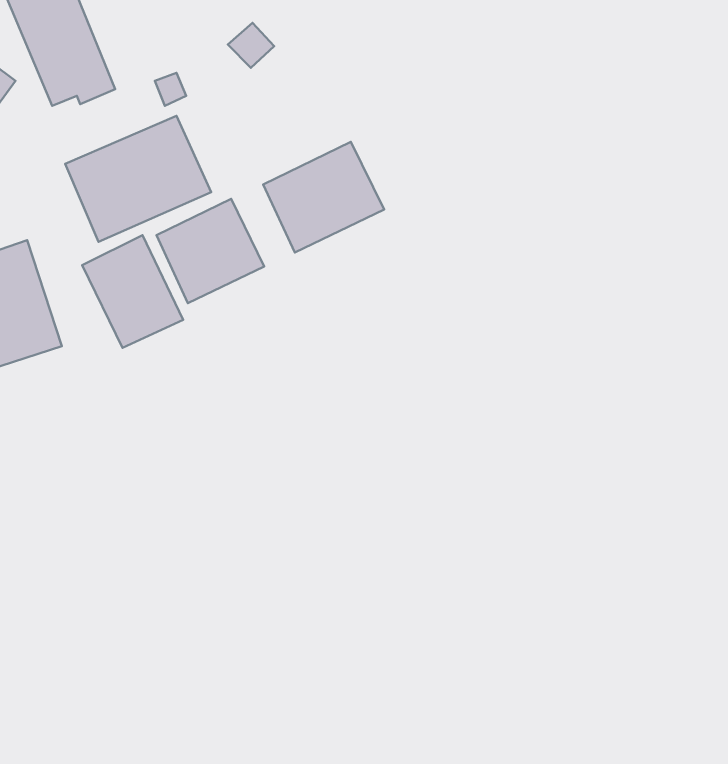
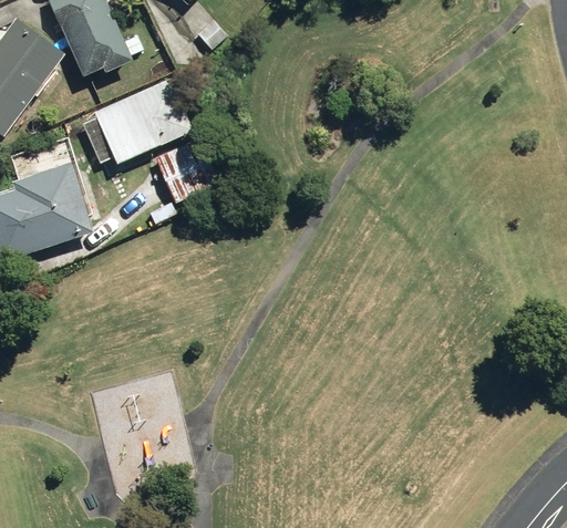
building: [263,142,384,252] -> none
building: [82,235,183,348] -> none

